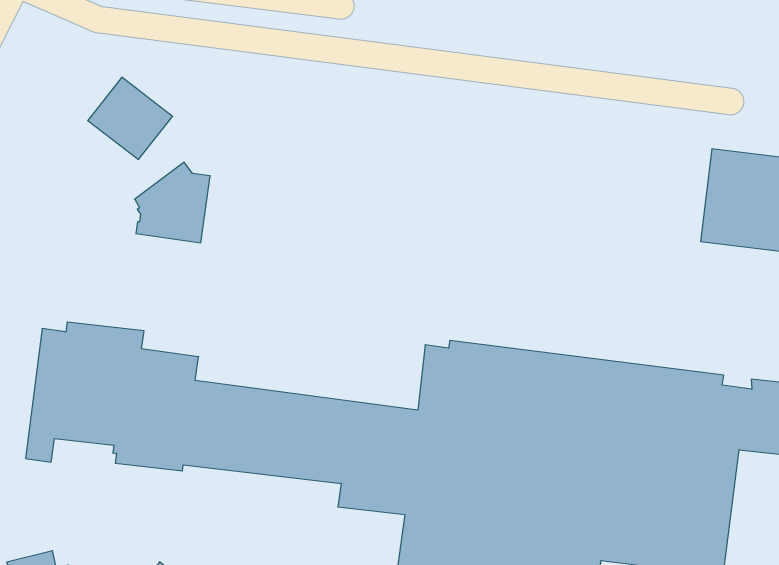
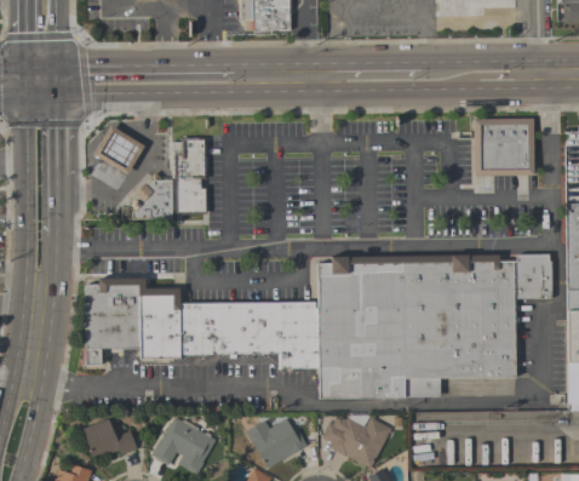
building: none -> [172,141,207,216]

